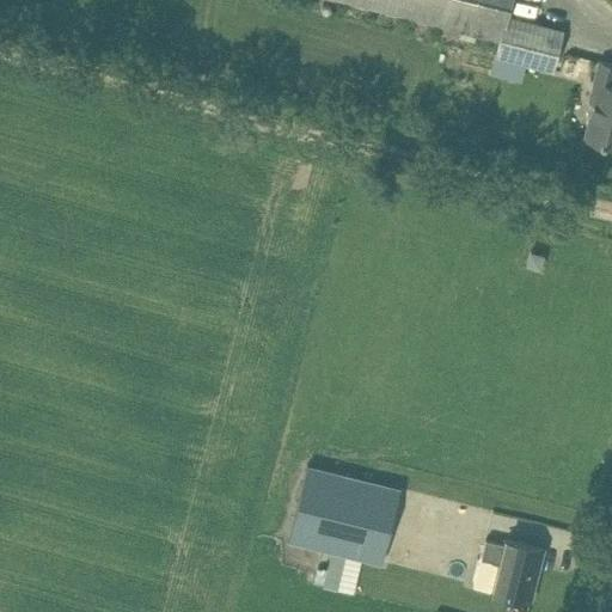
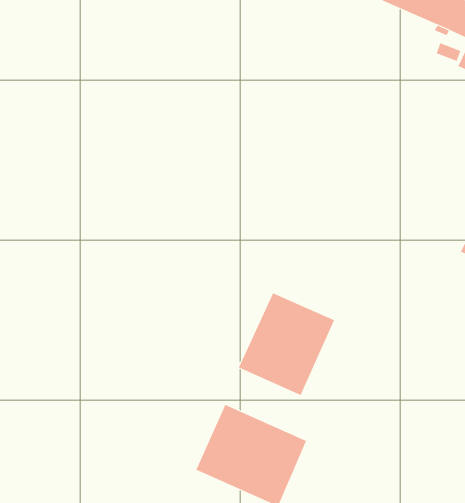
building: none -> [238,292,335,396]

